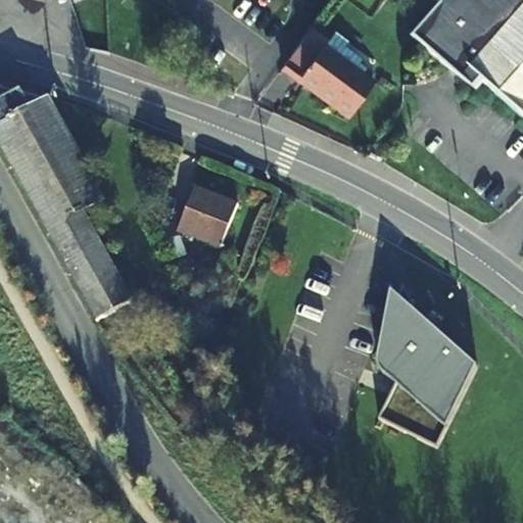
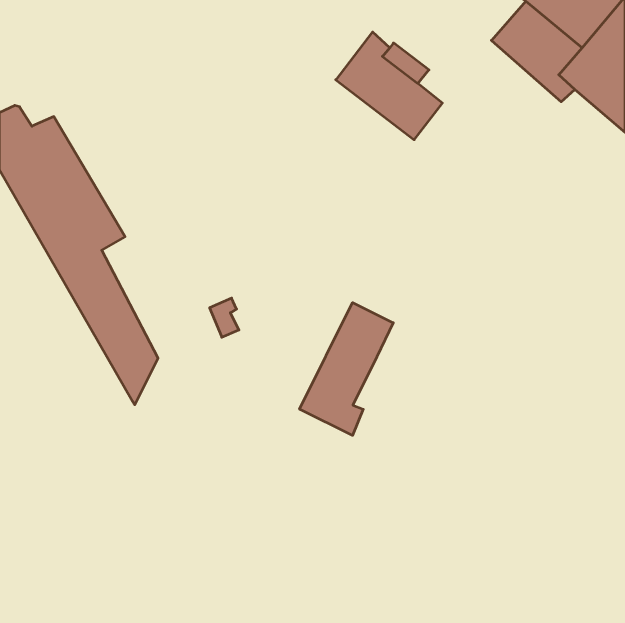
building: [179,178,240,238] -> none
building: none -> [300,303,393,435]
building: [376,281,477,445] -> none

